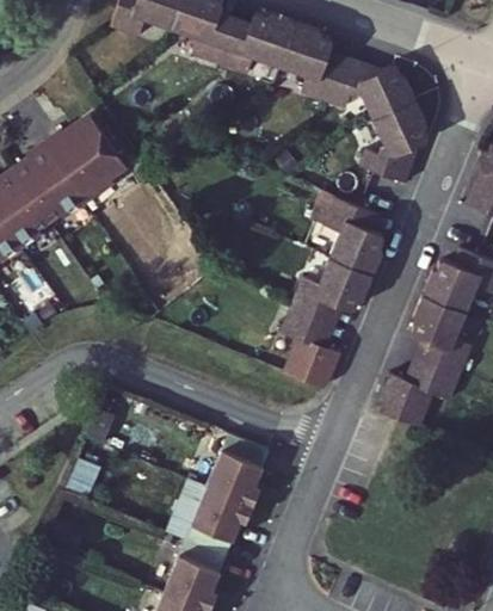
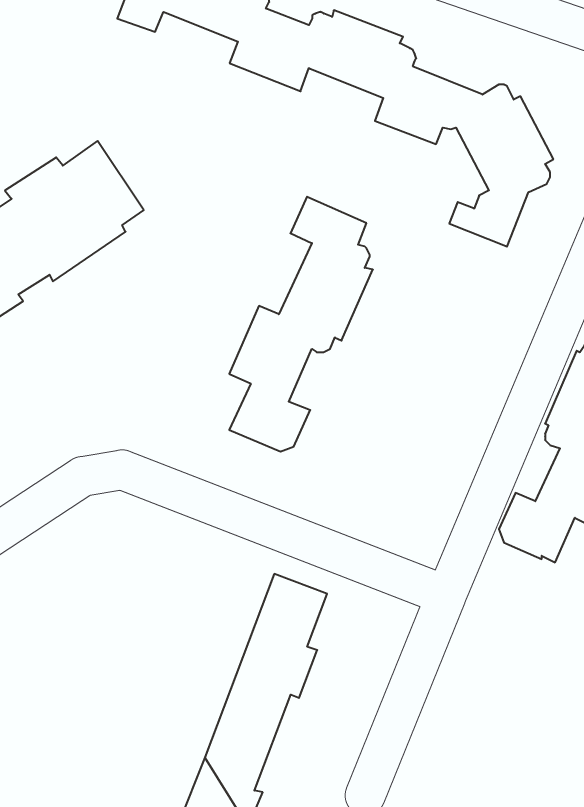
building: [276,197,380,381] -> [229,197,373,451]

